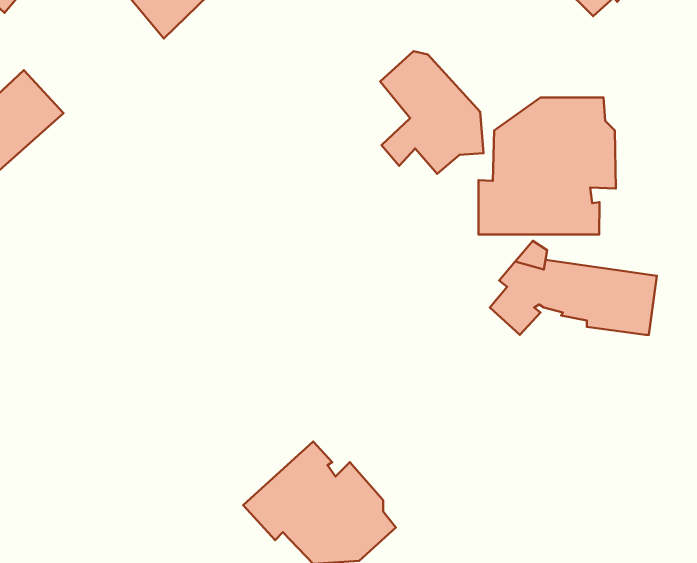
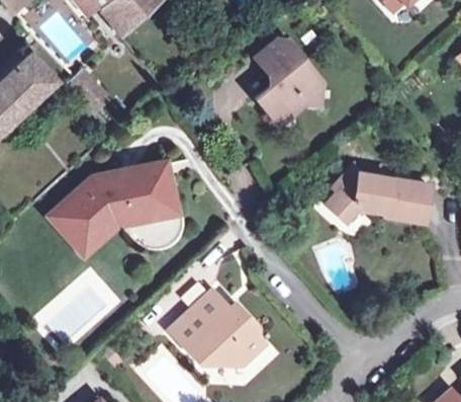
building: [479,98,616,234] -> none
building: none -> [50,160,181,250]

